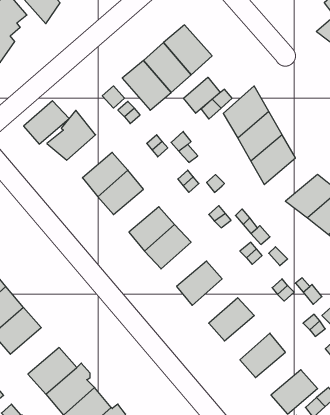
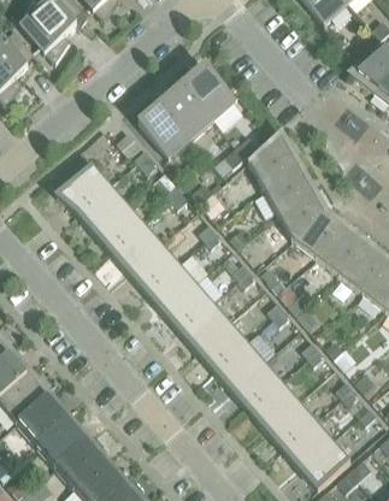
building: [183,77,220,113] -> none
building: [24,101,69,144] -> [77,184,126,231]
building: none -> [291,210,349,257]
building: none -> [128,243,177,290]
building: none -> [179,301,229,349]
building: none -> [213,341,263,389]
building: none -> [248,381,297,429]
building: none -> [16,394,69,444]
building: none -> [282,420,331,467]

